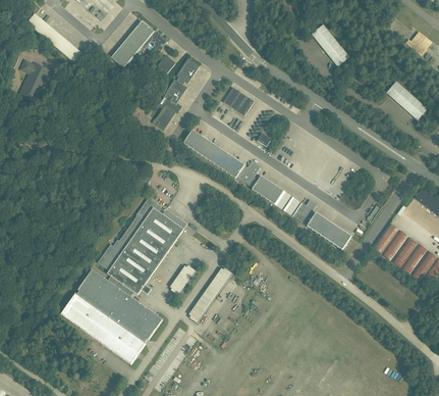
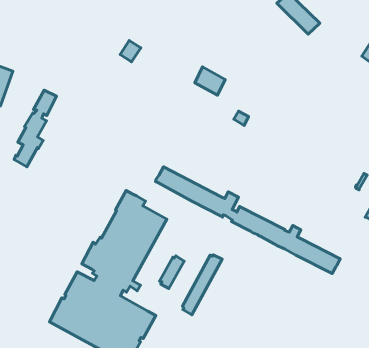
building: [111,20,167,71] -> none
building: [153,58,200,130] -> [14,90,57,167]
building: [183,130,351,249] -> [155,167,340,274]

